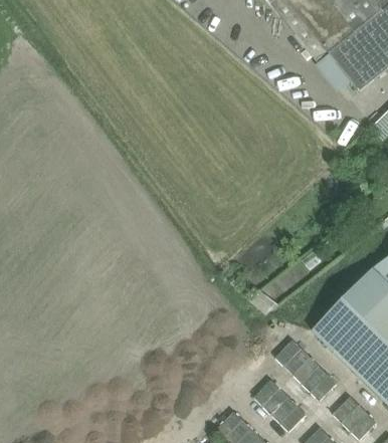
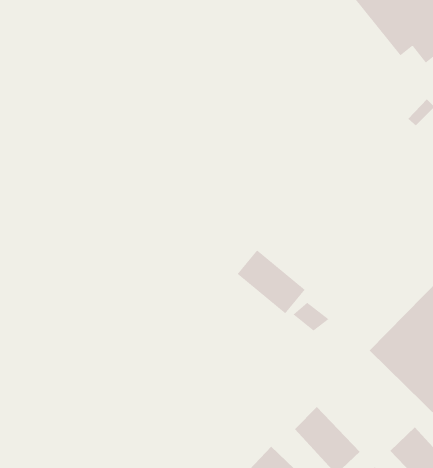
building: none -> [237,250,305,314]
building: [270,339,335,401] -> none

